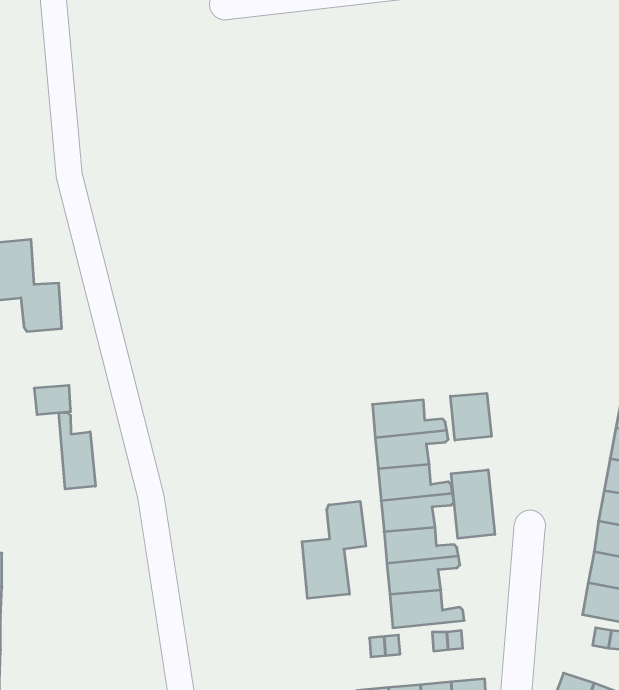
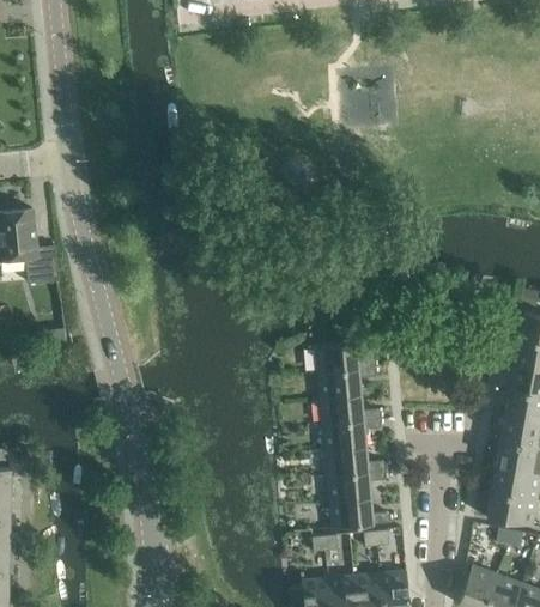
building: [450,393,491,440] -> none
building: [59,413,95,489] -> none
building: [451,470,495,538] -> none
building: [302,501,366,598] -> none

